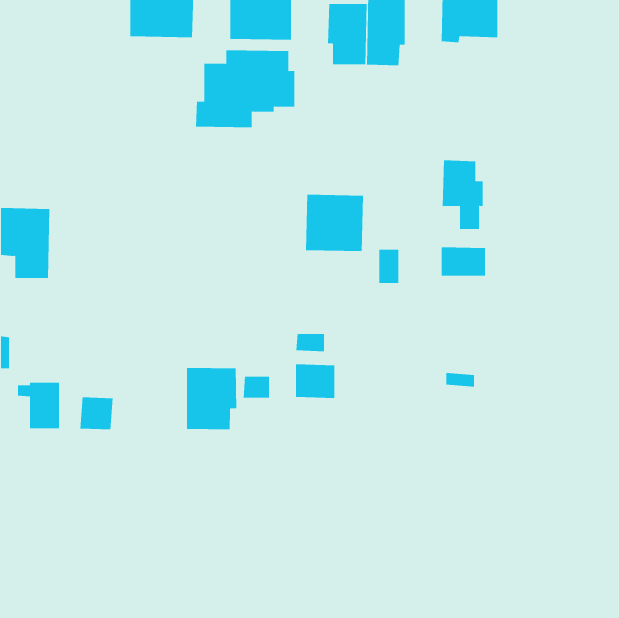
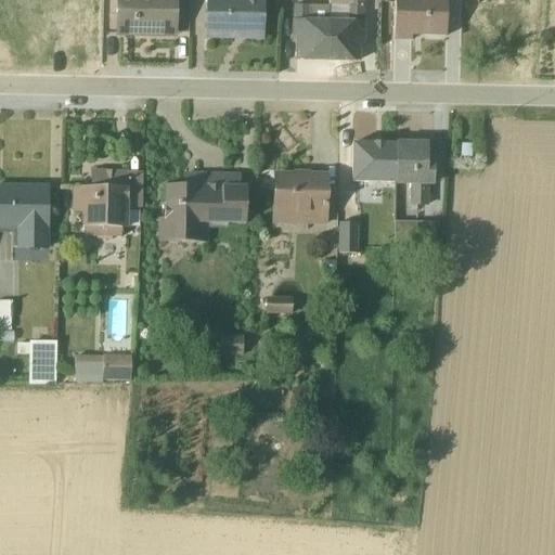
building: [195,50,295,128] -> [158,171,247,241]
building: none -> [353,142,398,181]
building: none -> [75,169,143,235]
building: [296,364,335,399] -> none
building: [186,367,237,430] -> none
building: none -> [104,353,133,379]

